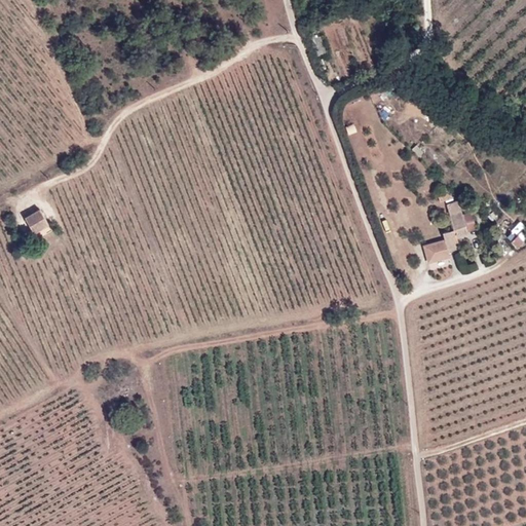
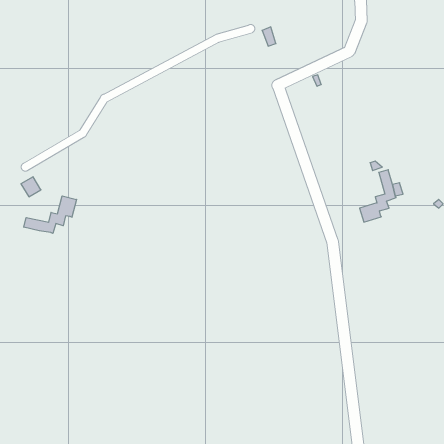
building: none -> [24,196,77,233]

